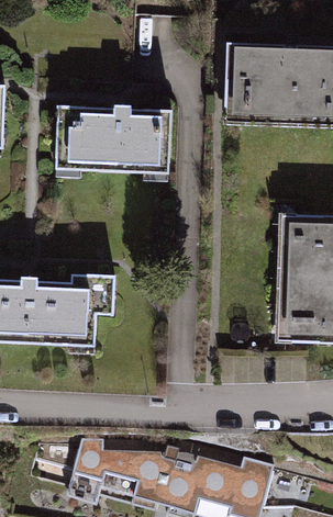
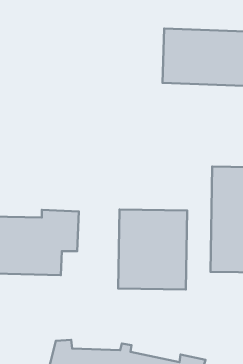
building: [55,106,168,182] -> none
building: none -> [118,209,187,290]

